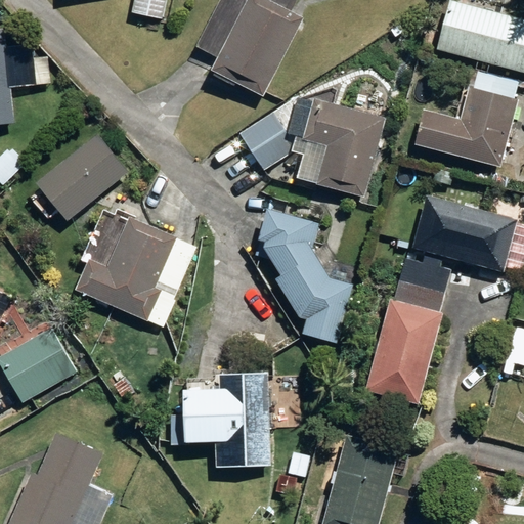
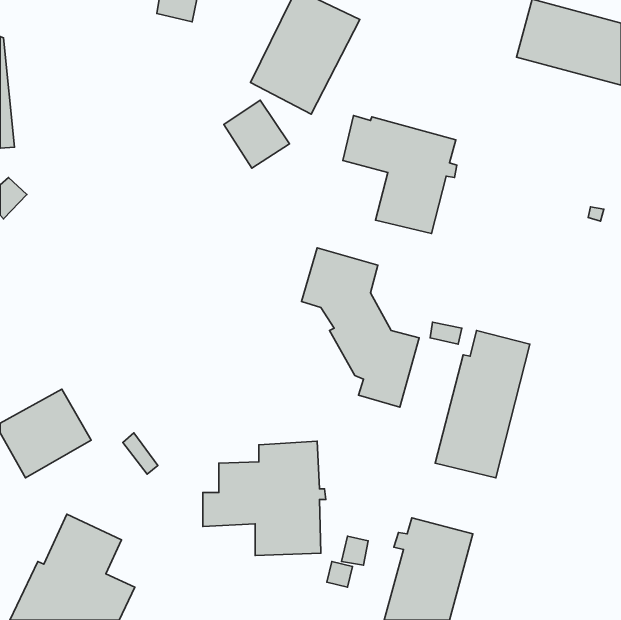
building: [416,66,517,166] -> none
building: [239,113,295,170] -> [224,100,289,168]
building: [35,133,126,219] -> none
building: [401,195,517,290] -> none
building: [75,209,195,326] -> none

